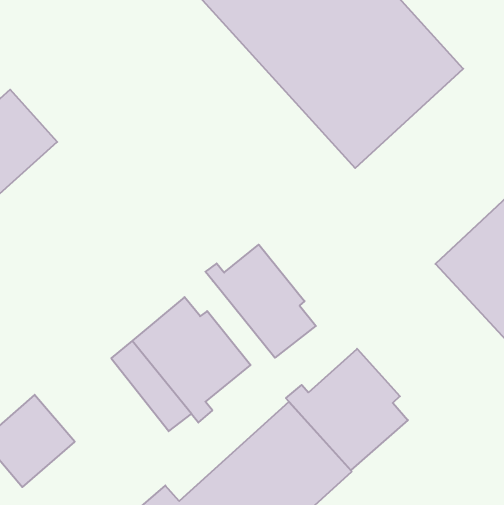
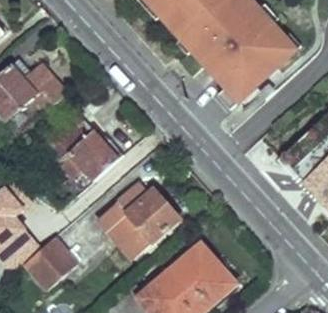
building: none -> [50,118,122,188]
building: [205,245,316,358] -> none
building: [286,349,408,470] -> none

